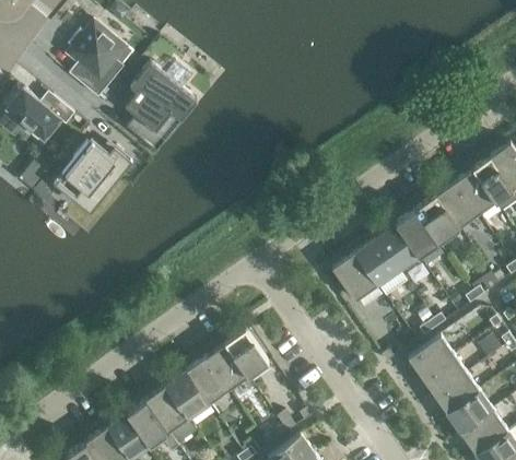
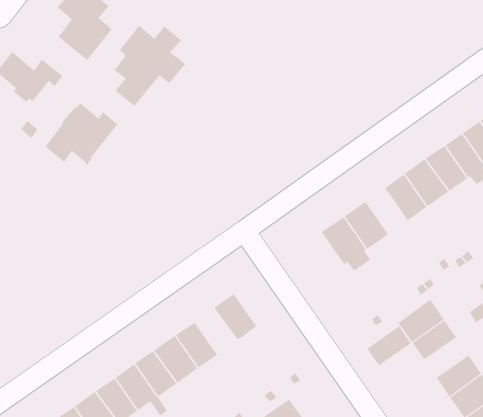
building: [376,225,418,271] -> none
building: [206,344,248,391] -> none
building: [434,374,479,414] -> [367,326,411,366]

